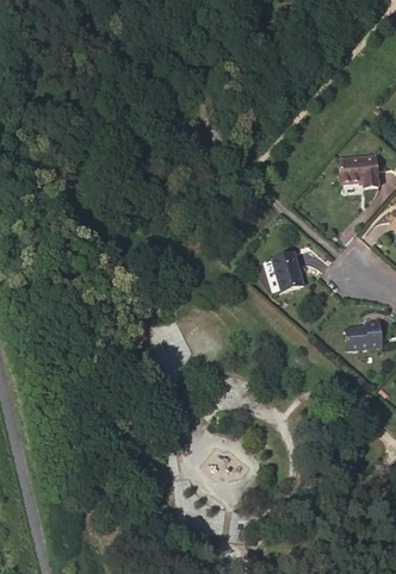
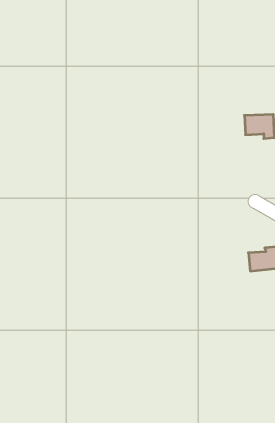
building: [271,251,304,291] -> none

